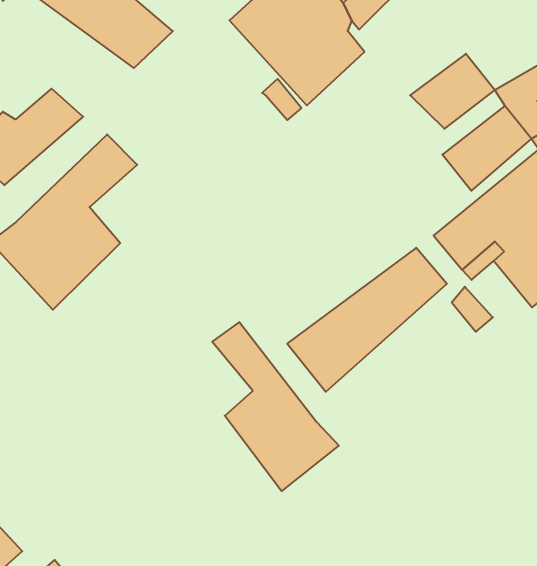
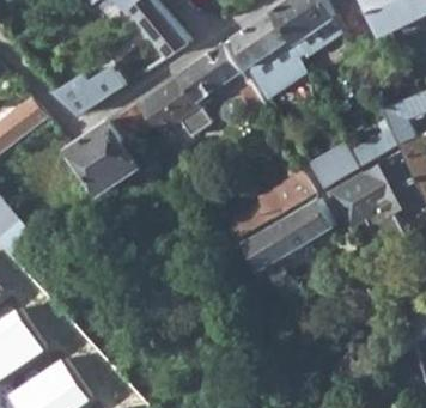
building: none -> [139,42,242,139]
building: [410,54,495,129] -> [305,144,358,188]
building: none -> [257,169,316,219]
building: [212,322,339,491] -> none

